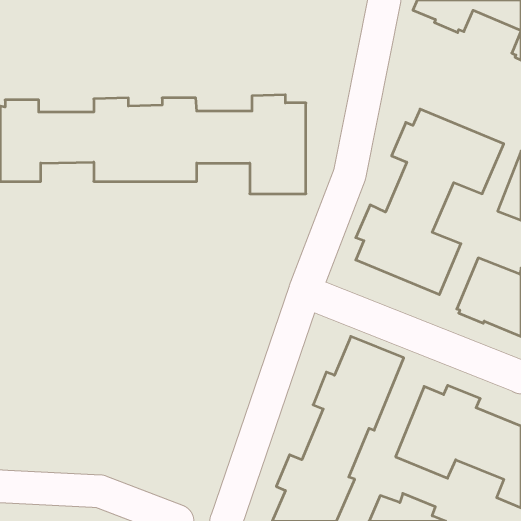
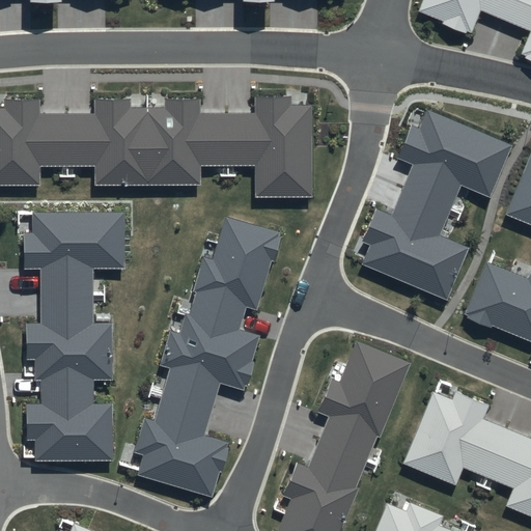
building: none -> [23,212,125,462]
building: none -> [134,217,282,497]

